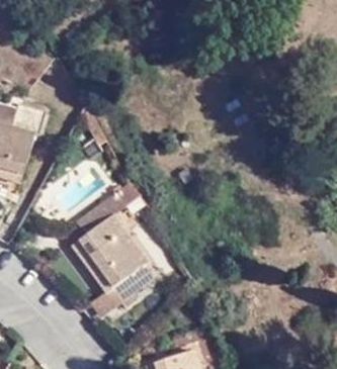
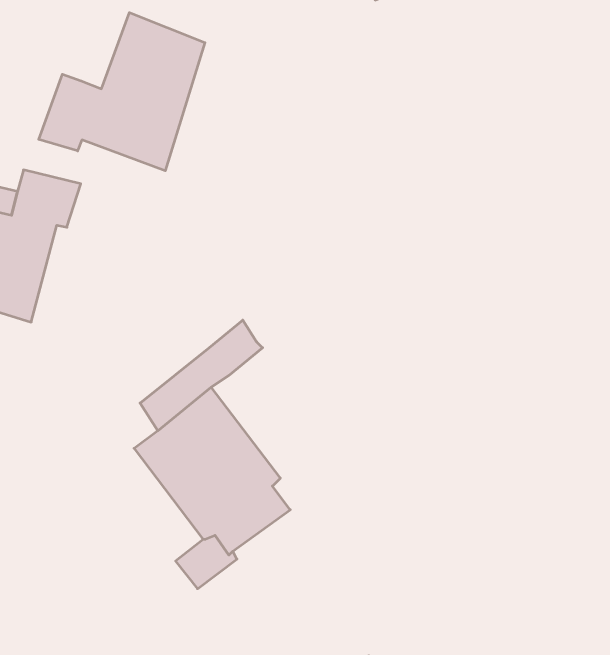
building: none -> [39,13,205,171]

